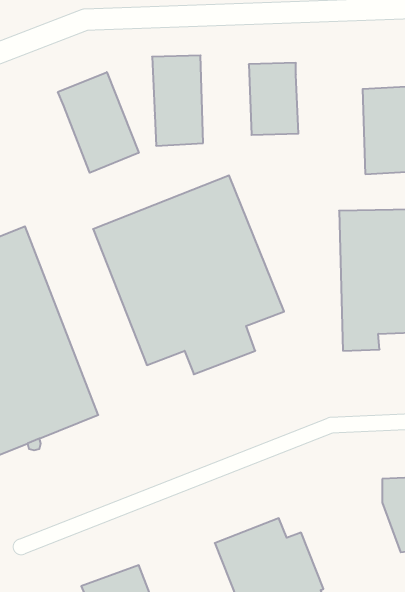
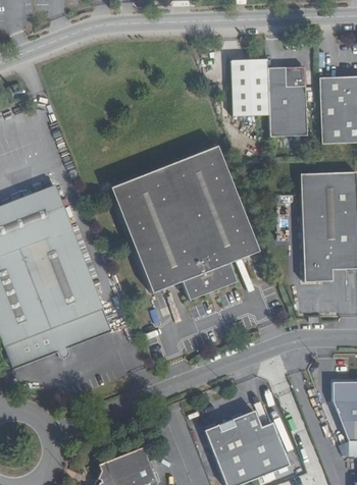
building: [152,55,203,146] -> [267,65,307,136]
building: [58,72,139,173] -> none

